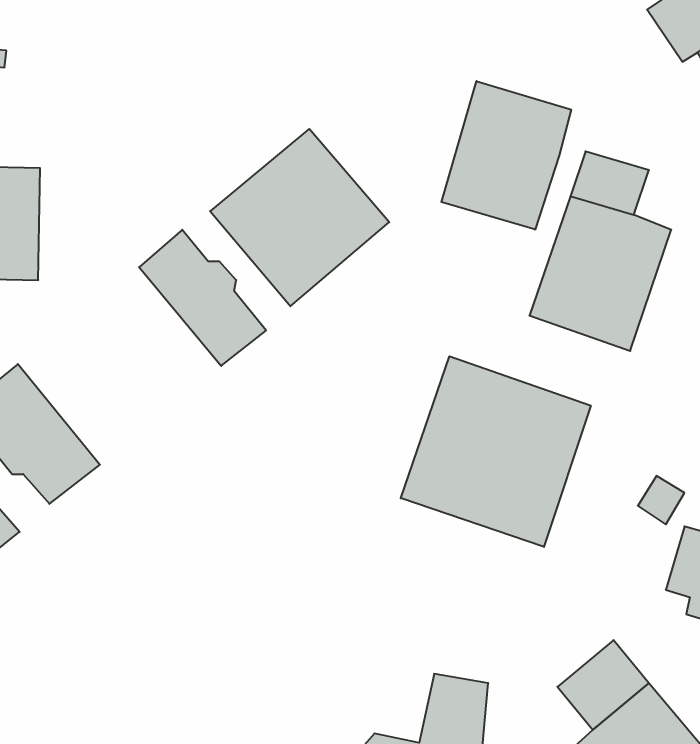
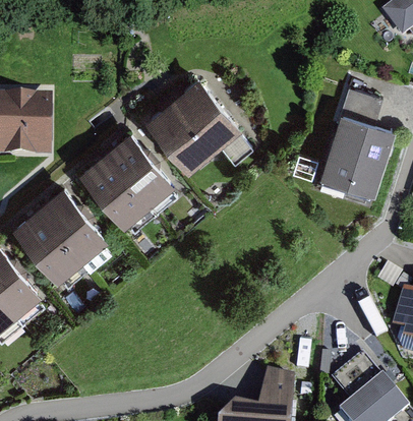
building: [441,81,571,230] -> none
building: none -> [77,151,149,226]
building: none -> [38,184,106,258]
building: [401,356,591,547] -> none

